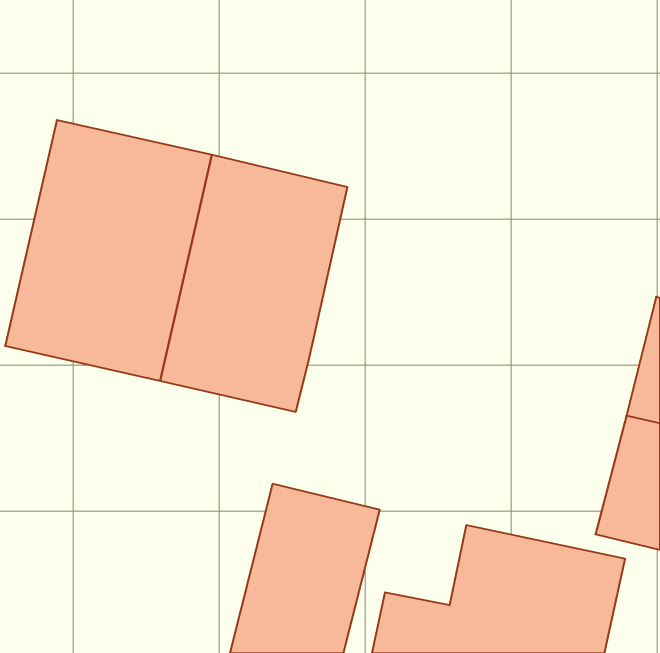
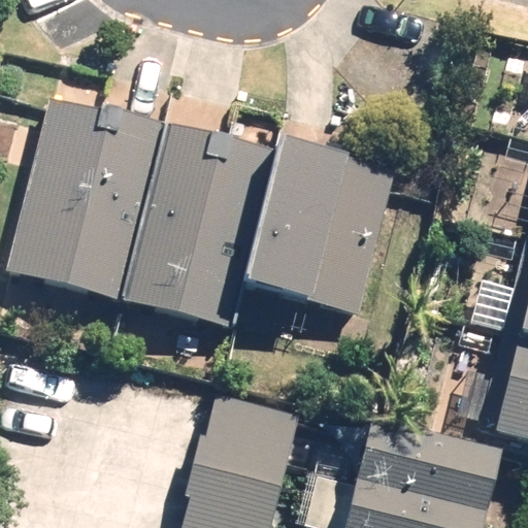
building: none -> [246,150,398,316]

